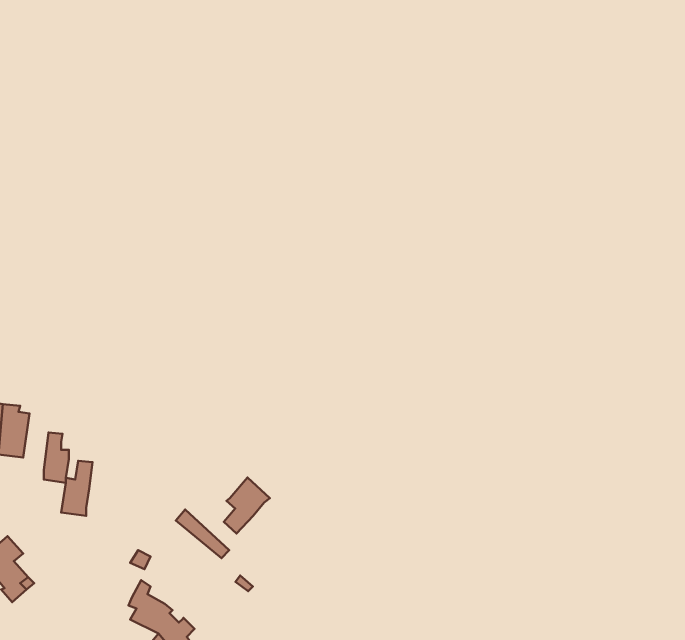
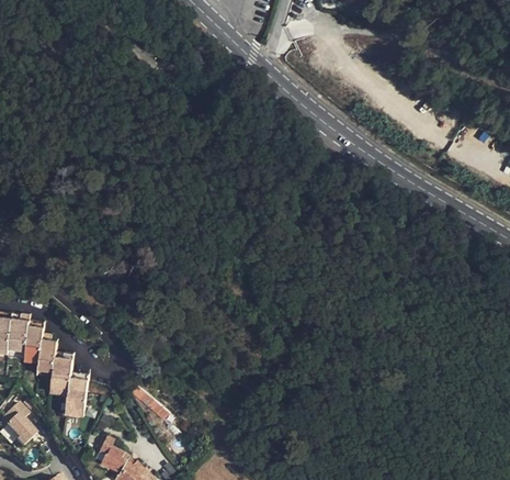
building: none -> [24,320,44,359]
building: [224,478,270,533] -> none
building: none -> [66,373,88,412]

